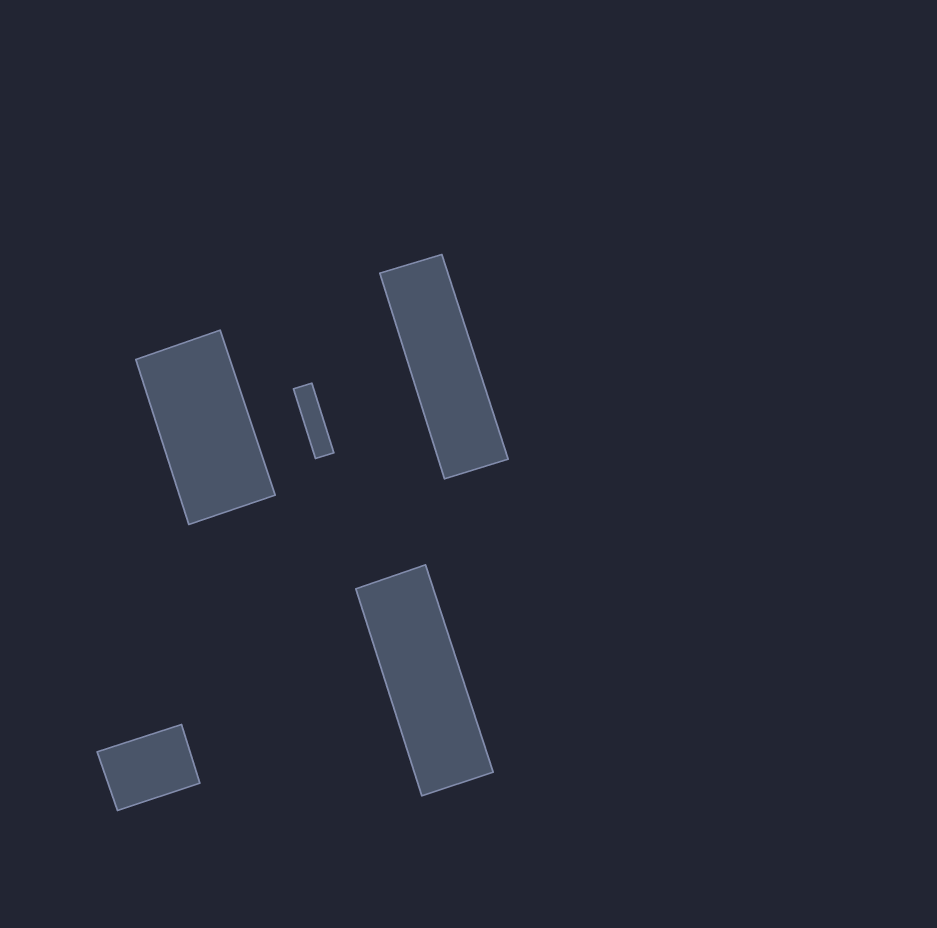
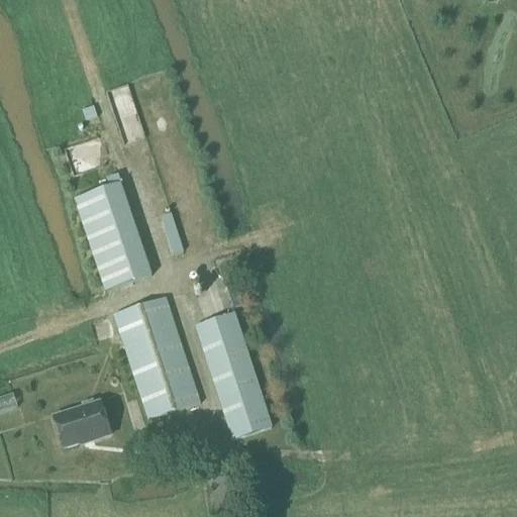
building: [380,255,508,479] -> none
building: none -> [115,297,200,418]

